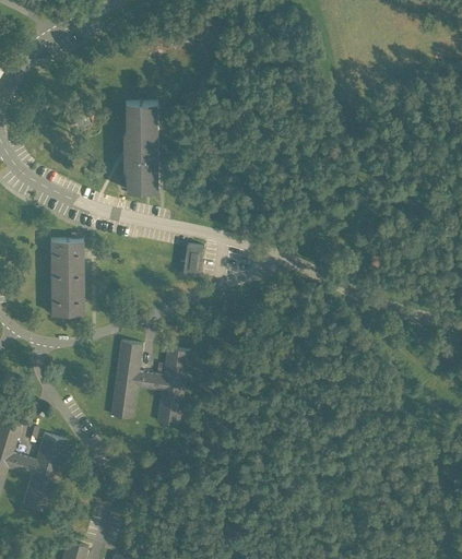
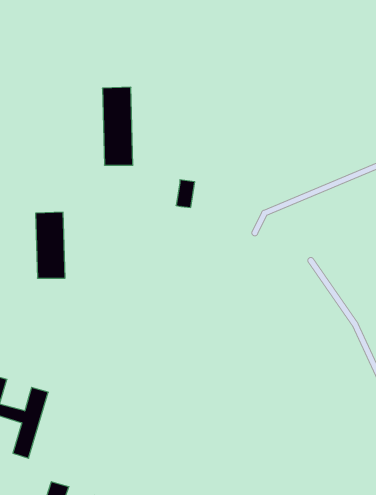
building: [183,245,204,275] -> [176,180,195,207]
building: [110,342,190,424] -> none

